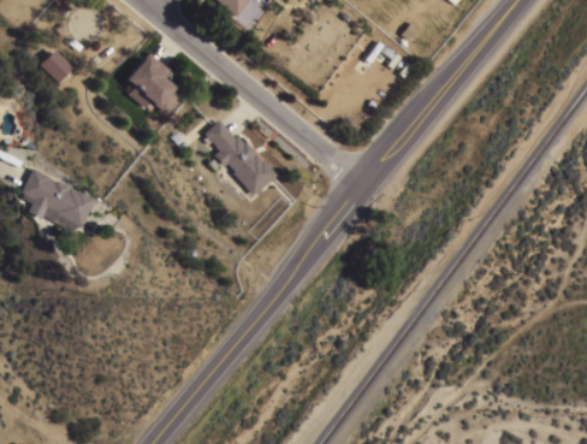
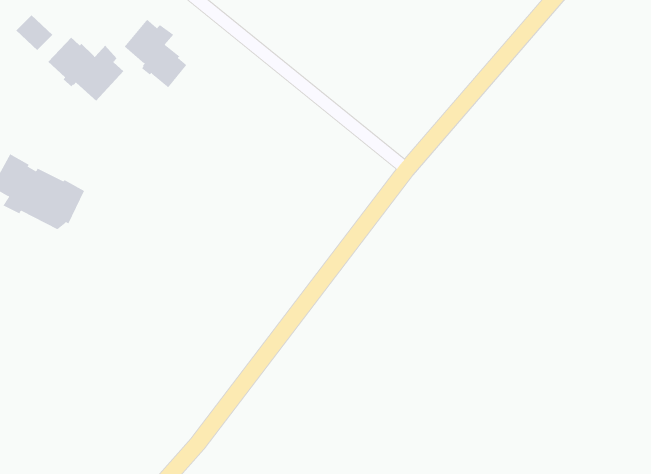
building: none -> [48,37,124,102]
building: [206,119,277,195] -> none

